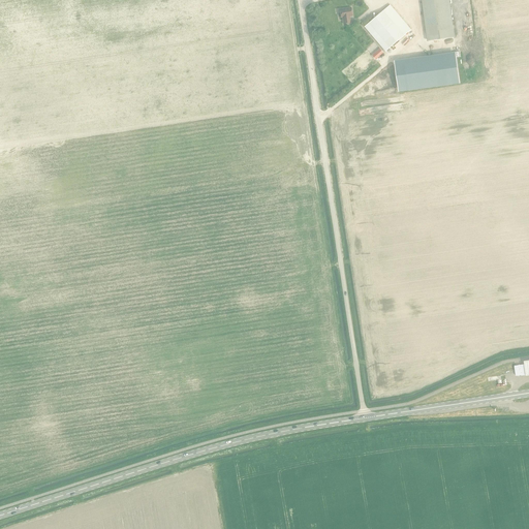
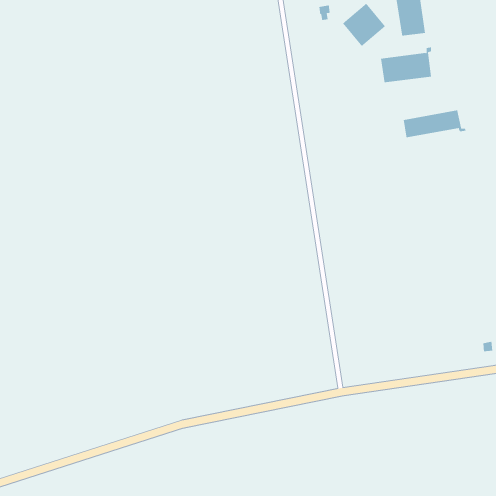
building: none -> [403,109,467,138]

